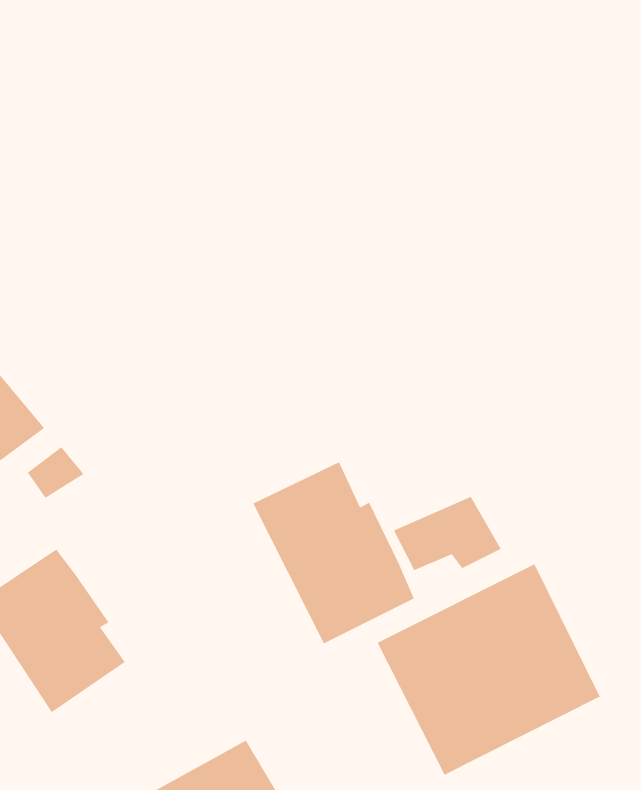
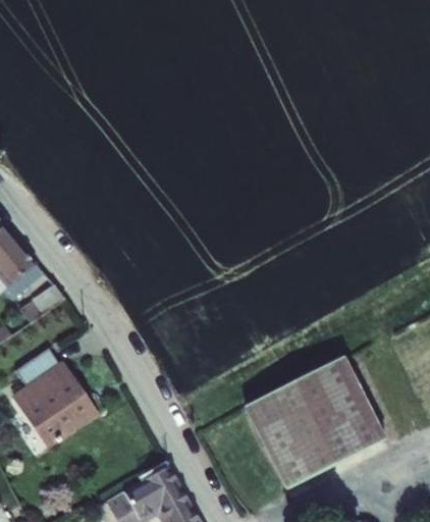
building: [252,461,415,644] -> none
building: [393,496,502,571] -> none

